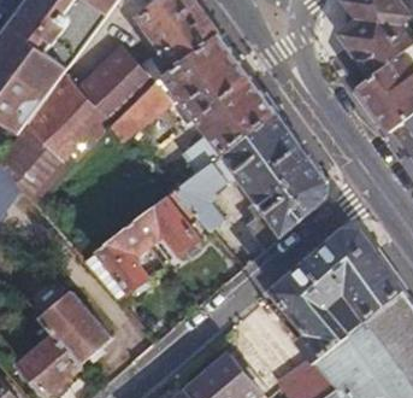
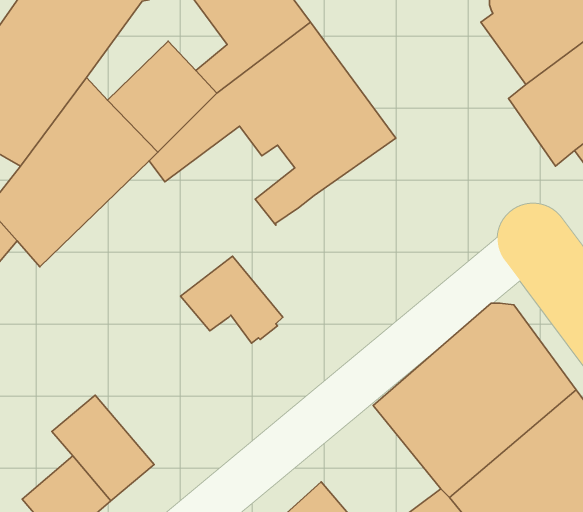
building: [222,113,328,251] -> none
building: [173,162,226,230] -> none
building: [83,223,149,302] -> none

